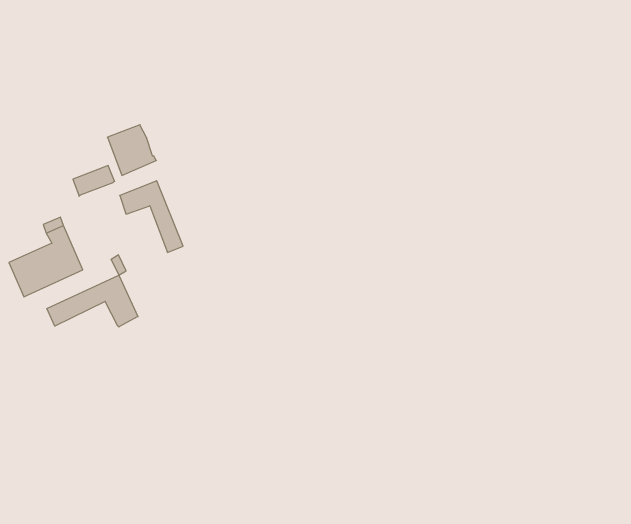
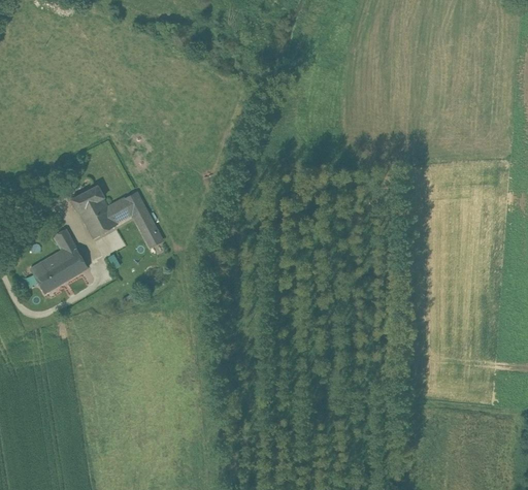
building: [107,125,156,175] -> [78,198,118,238]
building: [47,275,138,327] -> none

